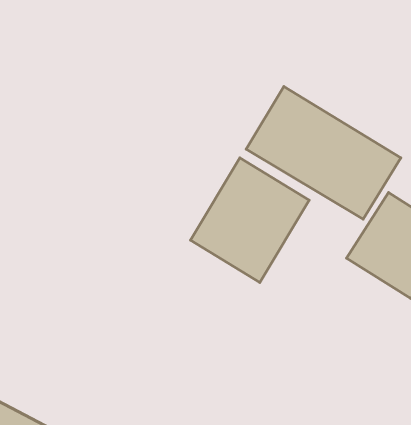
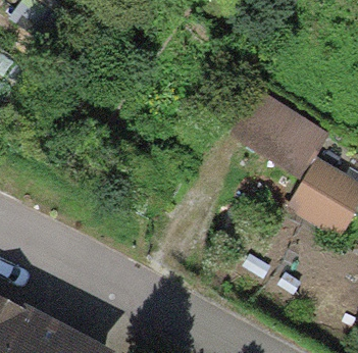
building: [191,158,309,282] -> none

